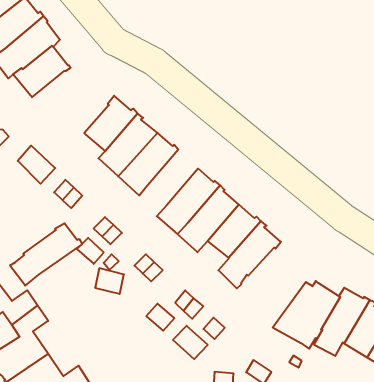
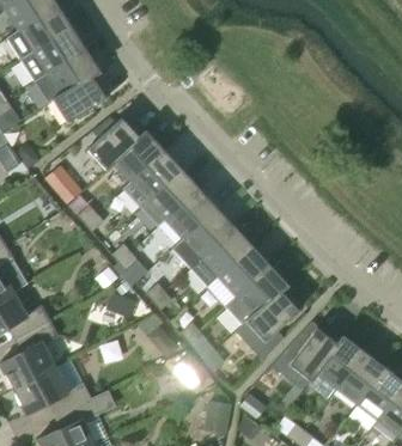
building: none -> [87,117,139,170]
building: none -> [165,188,217,239]
building: [10,223,82,286] -> none
building: none -> [236,291,299,361]

